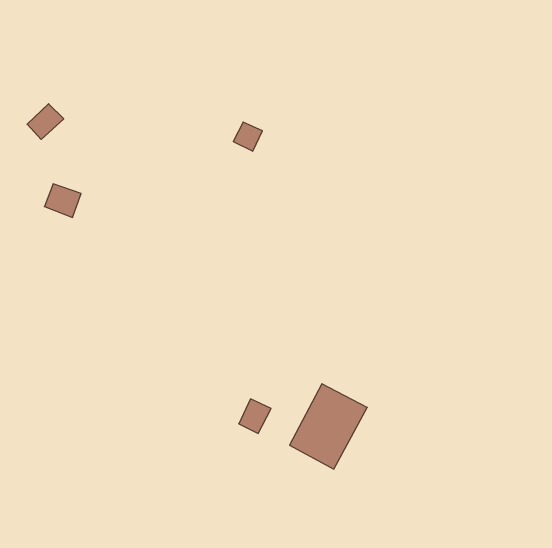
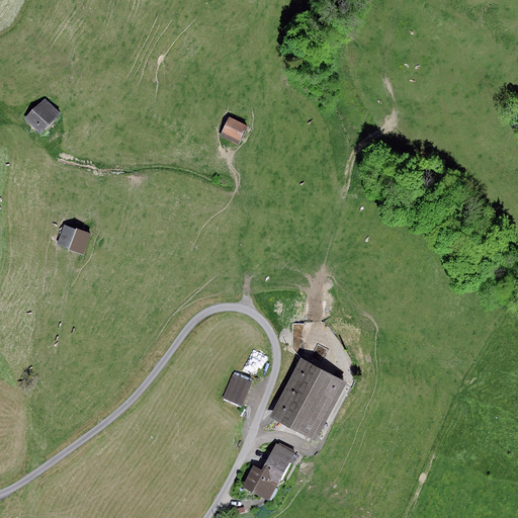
building: [44,184,81,217] -> [57,223,91,254]
building: none -> [242,444,293,498]

